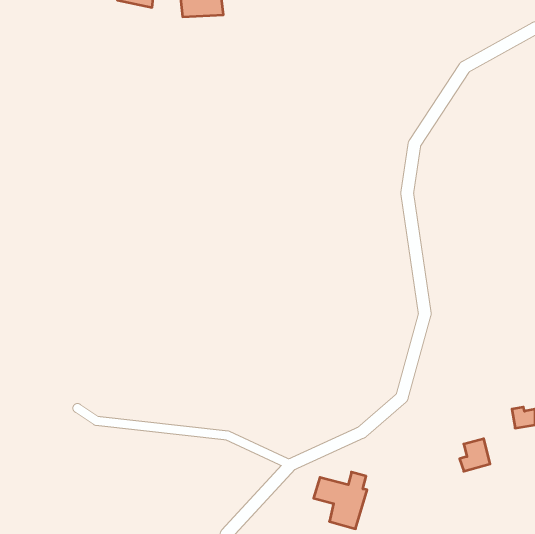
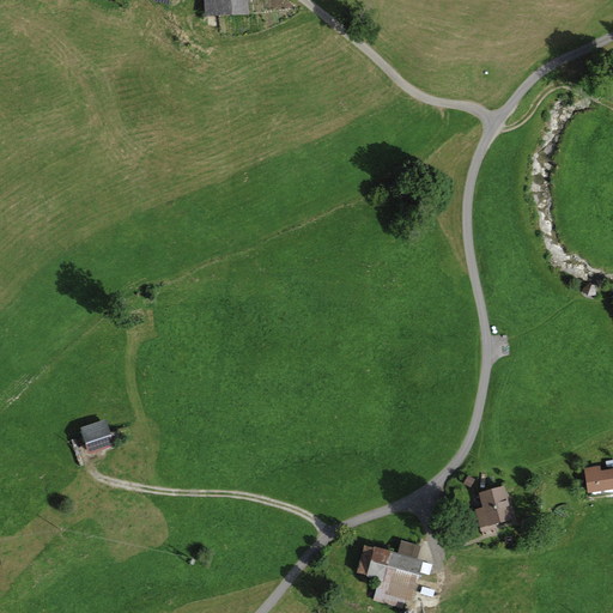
building: none -> [81,419,110,449]
building: [460,439,490,471] -> [475,486,510,523]

